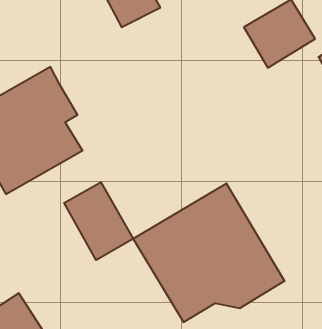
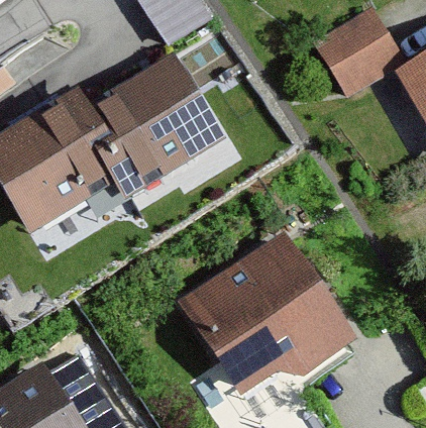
building: none -> [88,55,227,199]
building: [64,182,133,260] -> none

